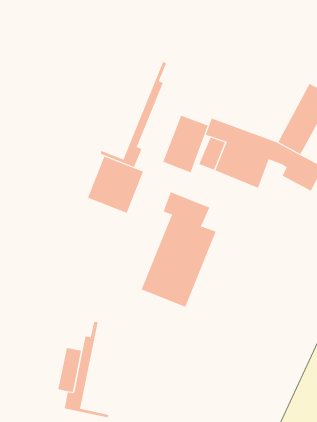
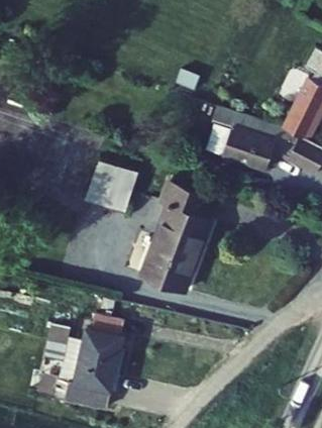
building: [100,61,167,168] -> none
building: [163,115,208,173] -> none
building: none -> [80,312,121,401]

